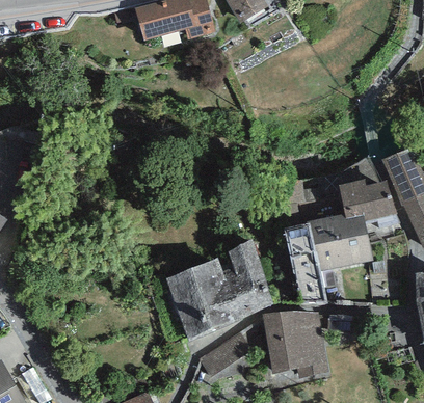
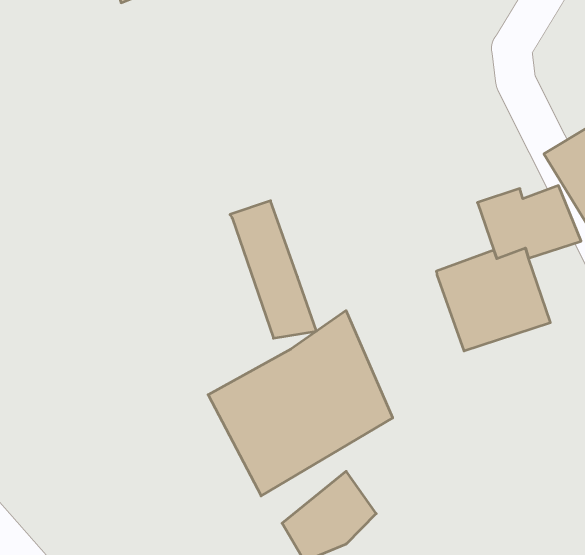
building: [284,223,326,304] -> [230,201,317,338]
building: [262,311,329,378] -> none

